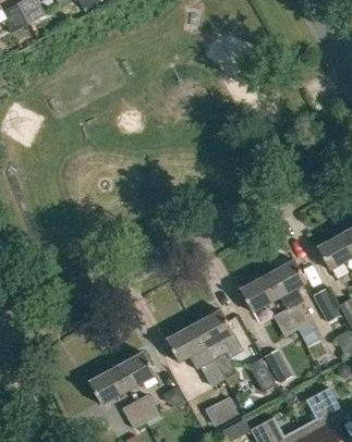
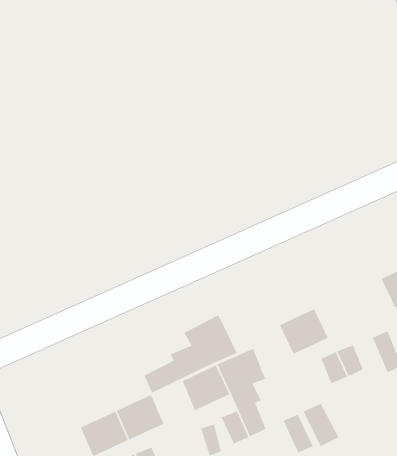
building: [267,258,307,296] -> none
building: none -> [143,314,238,394]

